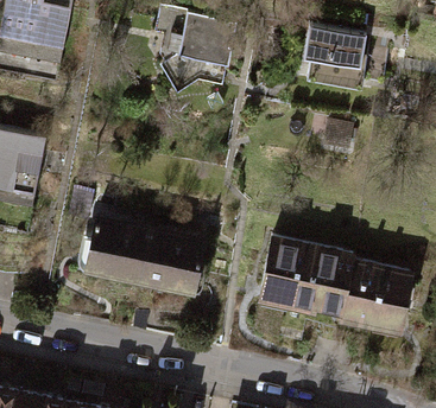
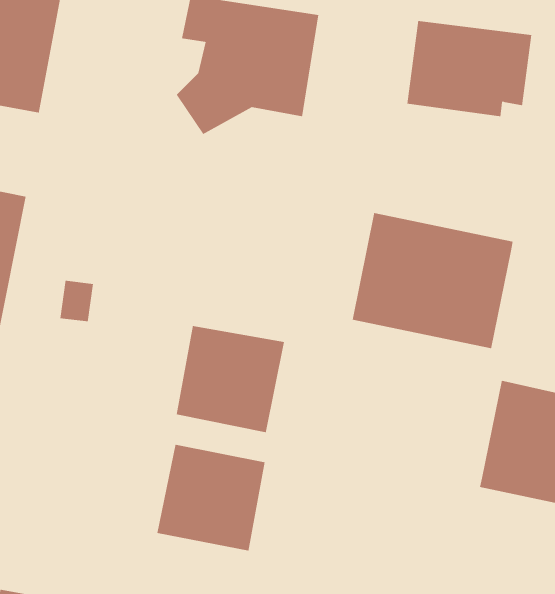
building: [84,211,156,281] -> [157,444,266,551]
building: [253,234,359,323] -> [352,213,514,349]

